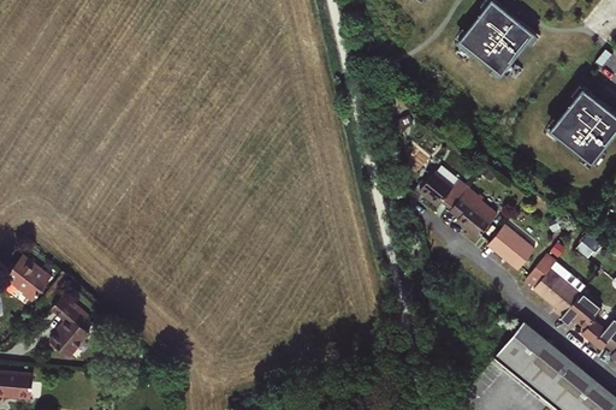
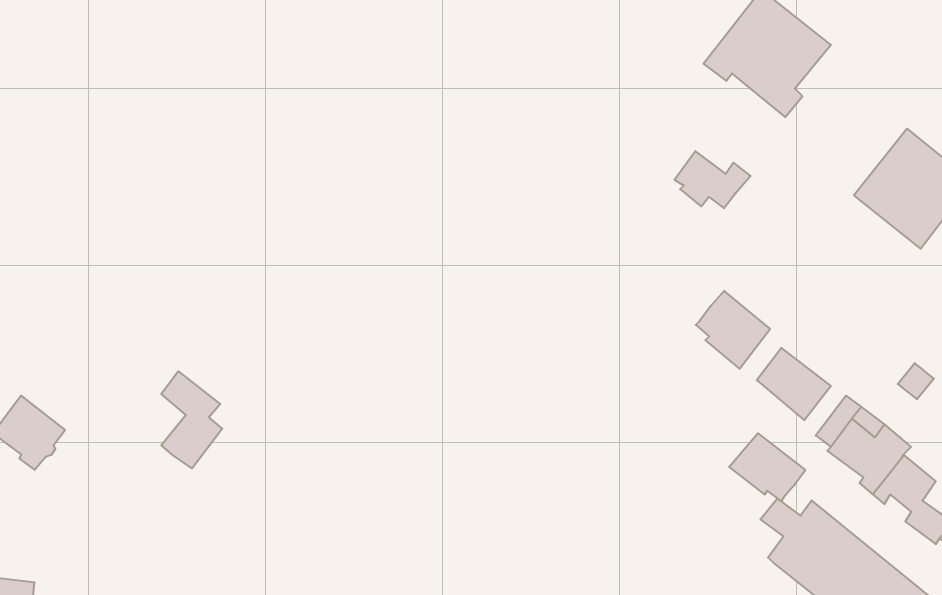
building: [421,172,469,208] -> [674,151,751,208]
building: none -> [729,433,805,501]
building: [53,293,91,355] -> [161,371,222,468]

